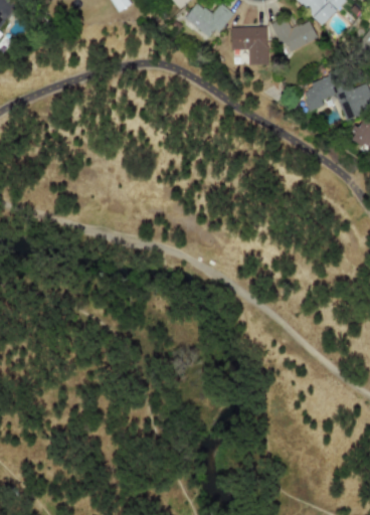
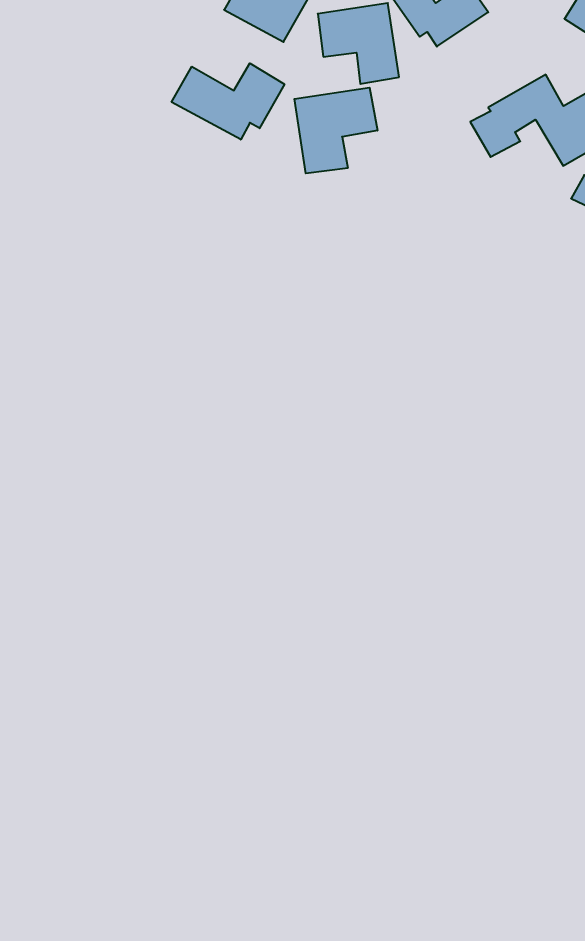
building: none -> [172,63,284,140]
building: none -> [294,88,377,173]

